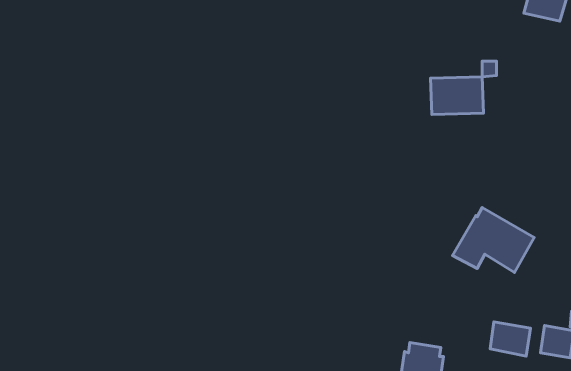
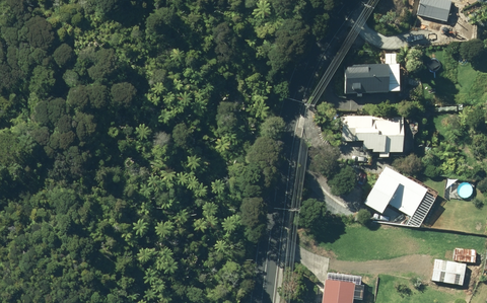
building: none -> [342,117,402,157]
building: [490,322,530,356] -> none

